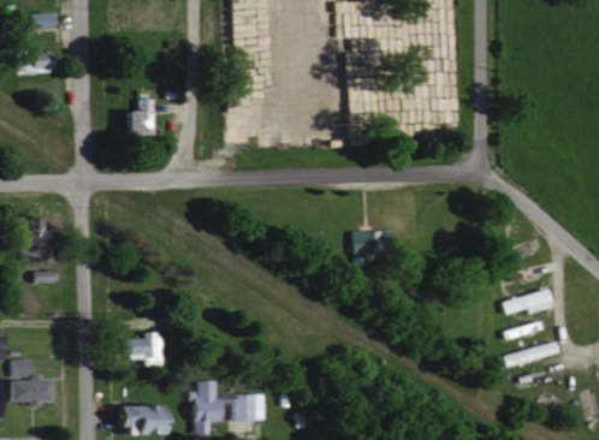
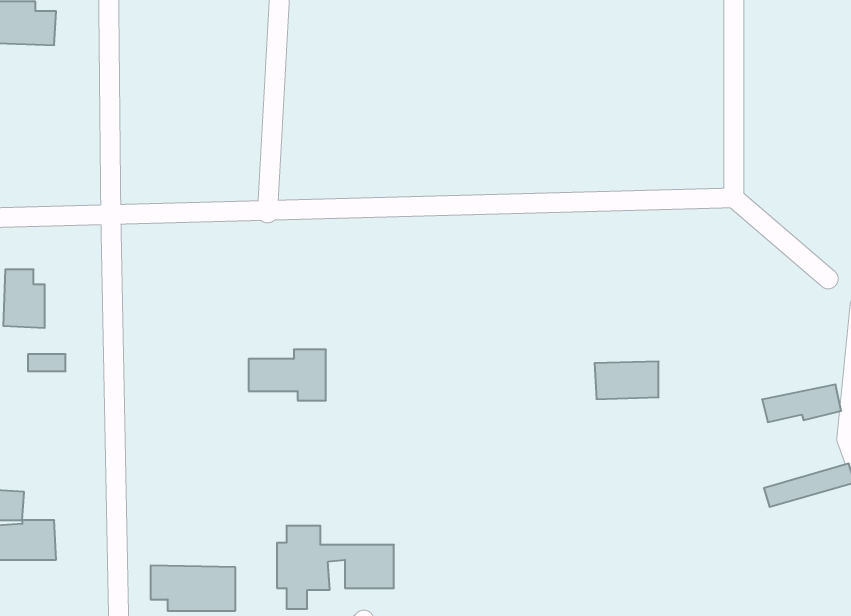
building: [123,97,160,135] -> none
building: [352,230,393,254] -> [594,361,659,399]
building: [117,332,166,364] -> [249,350,326,400]

